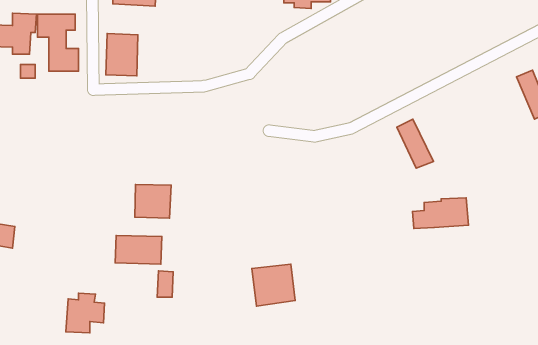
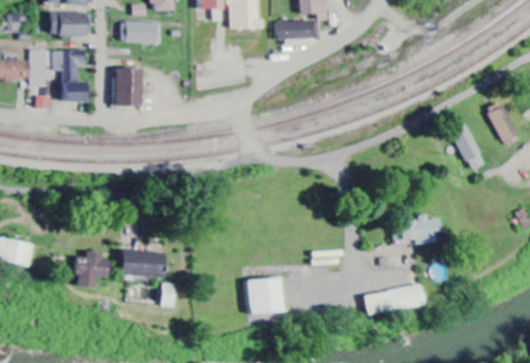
building: [397,119,433,168] -> [452,125,485,170]
building: [135,184,171,218] -> none
building: none -> [363,285,422,313]
building: [66,293,105,333] -> [75,250,110,286]

